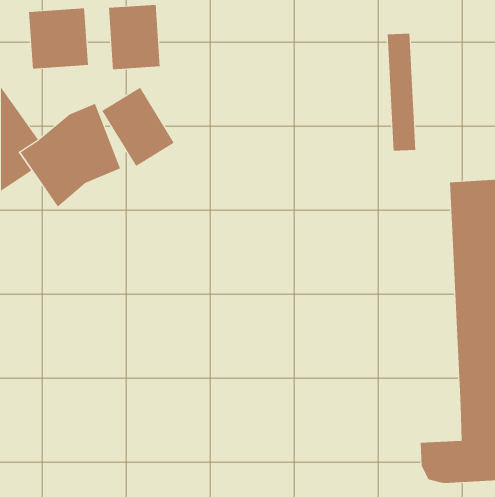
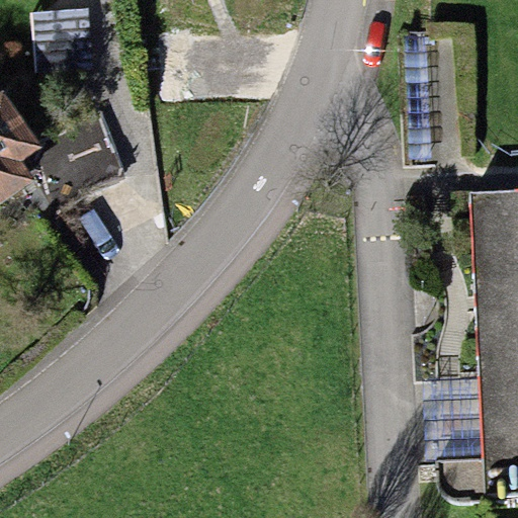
building: [108,4,160,70] -> none
building: [101,87,175,167] -> none

